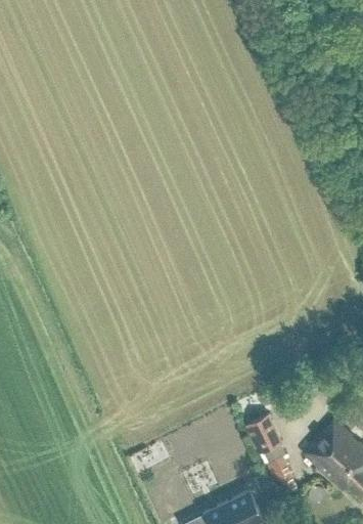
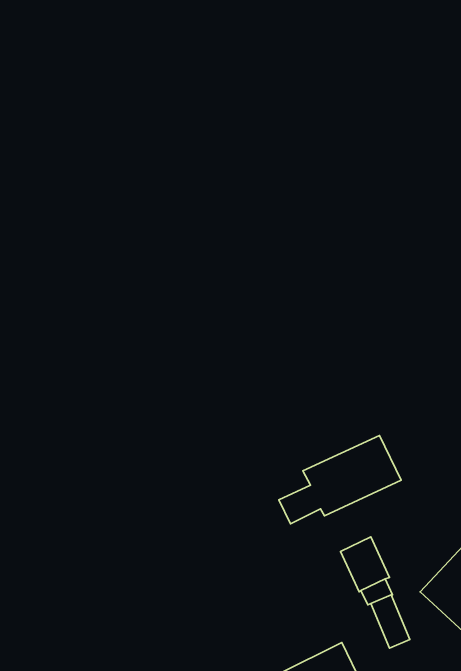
building: none -> [279,435,401,524]

